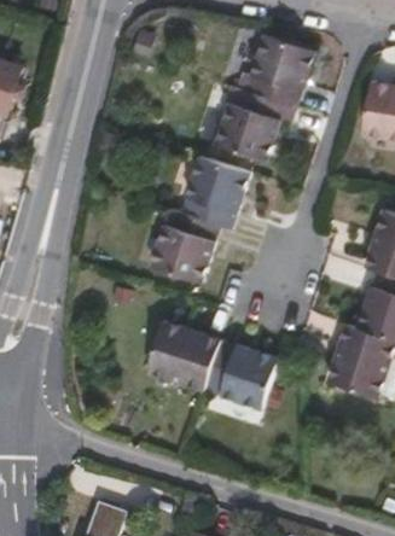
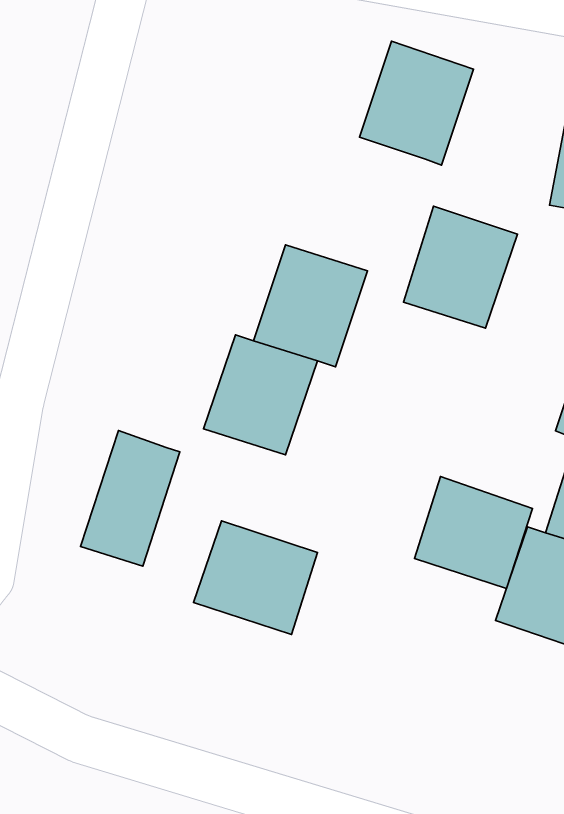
building: [217,86,286,159] -> [403,206,517,328]
building: none -> [81,430,180,566]
building: [205,340,277,408] -> [414,476,532,588]

